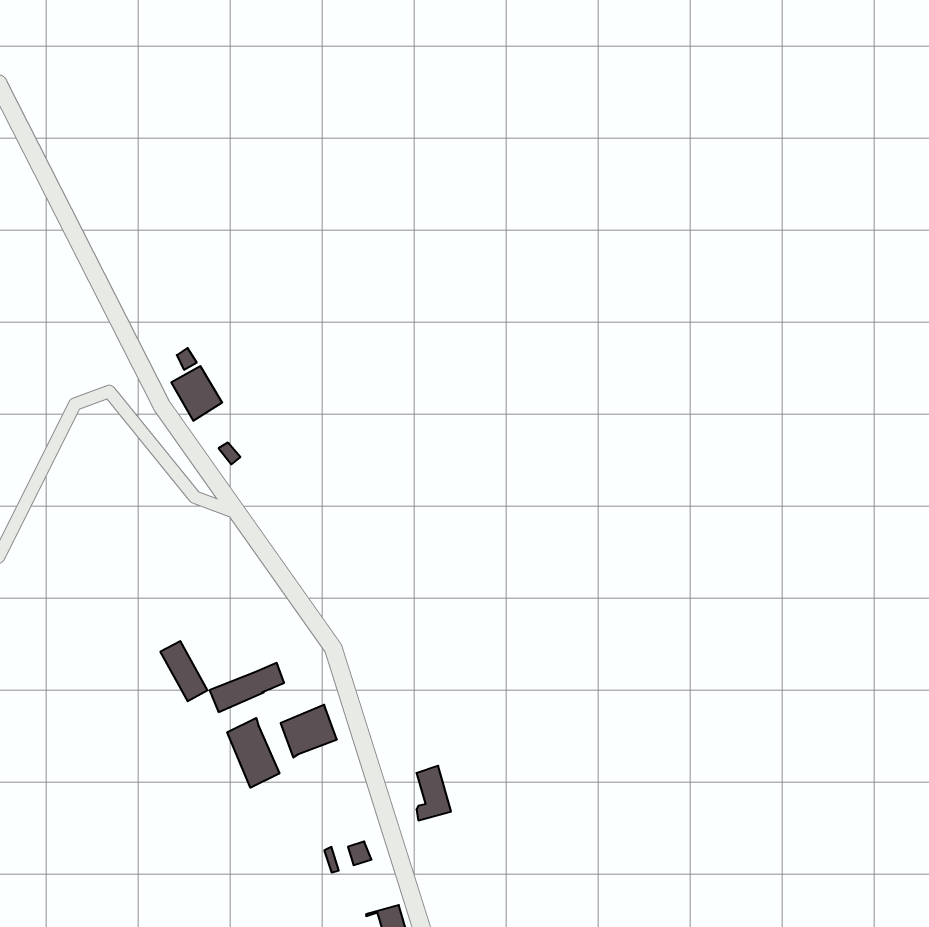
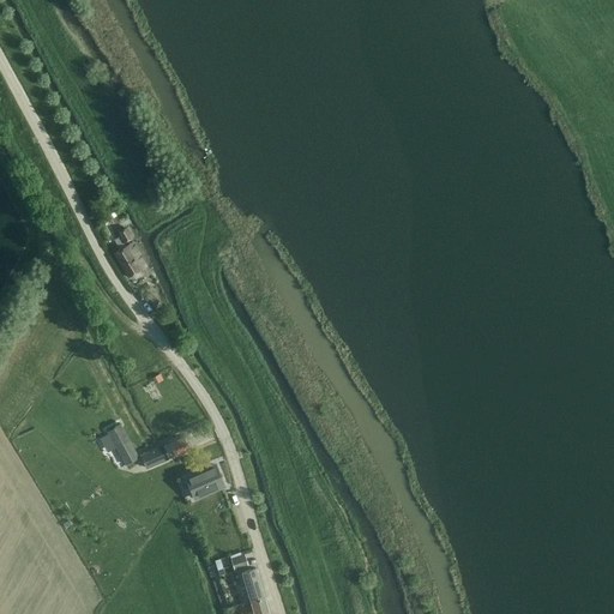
building: [227,718,279,788] -> none
building: [416,766,451,820] -> [240,568,263,604]

